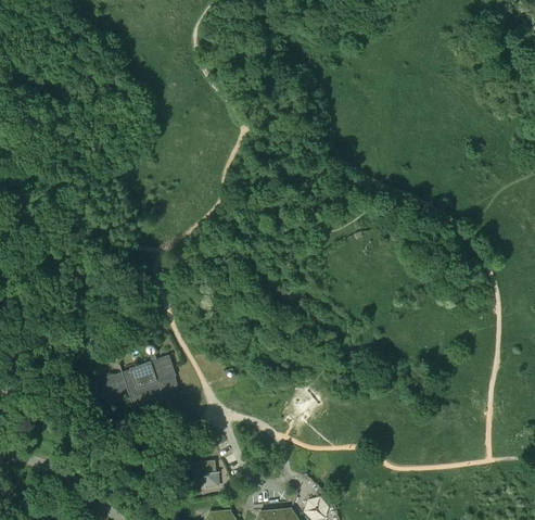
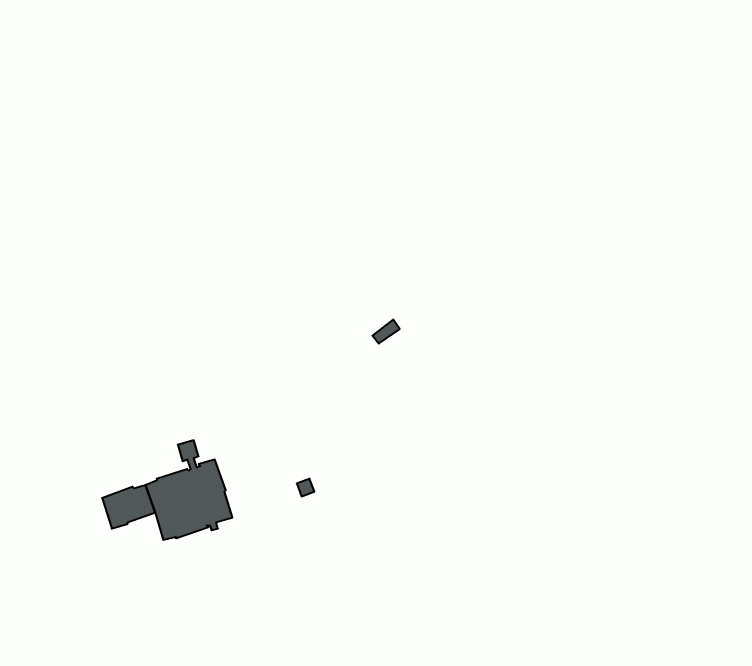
building: [178,451,220,487] -> none

